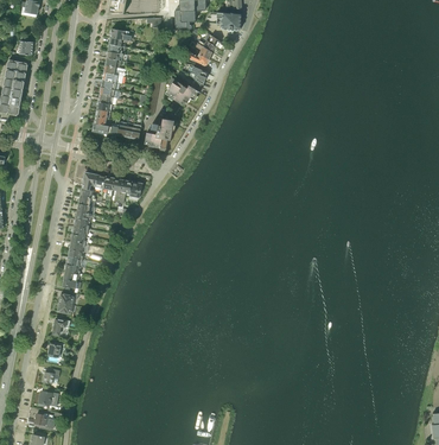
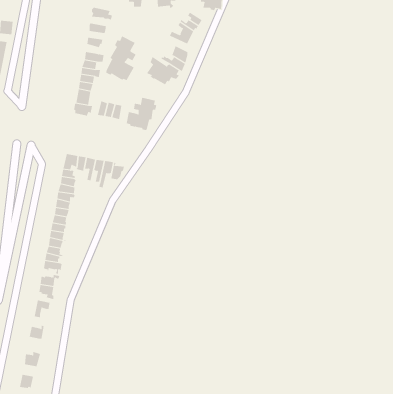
building: none -> [106,36,136,81]

